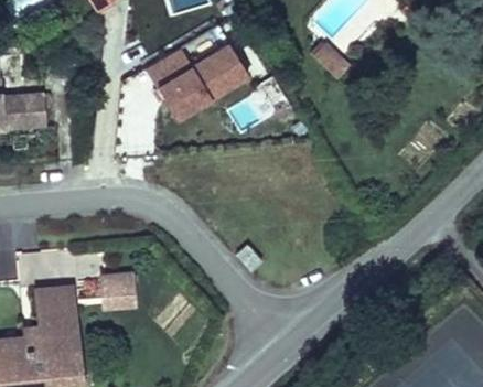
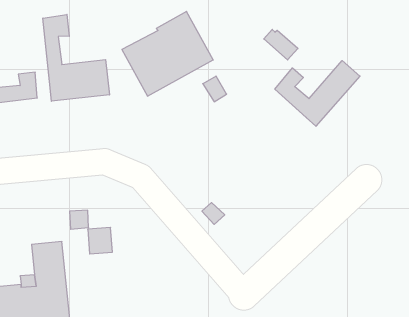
building: none -> [43,14,109,101]
building: none -> [275,61,360,126]

